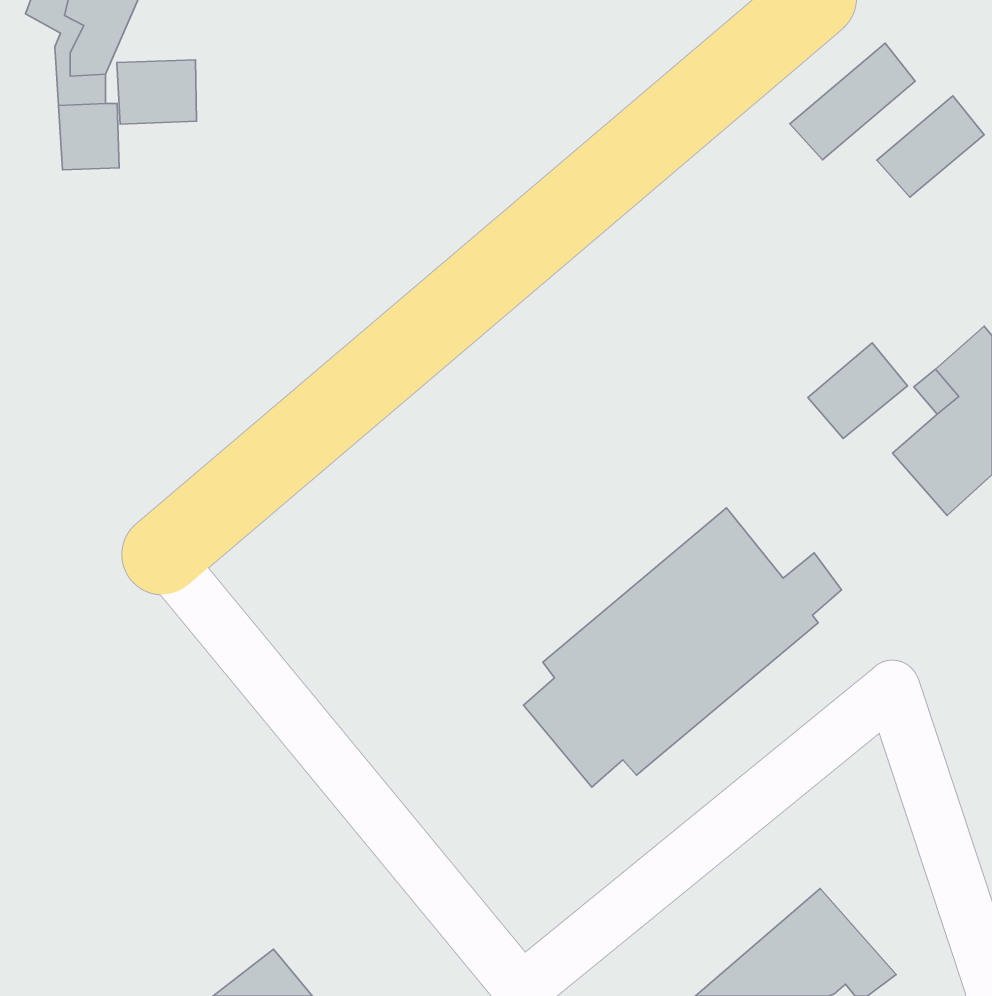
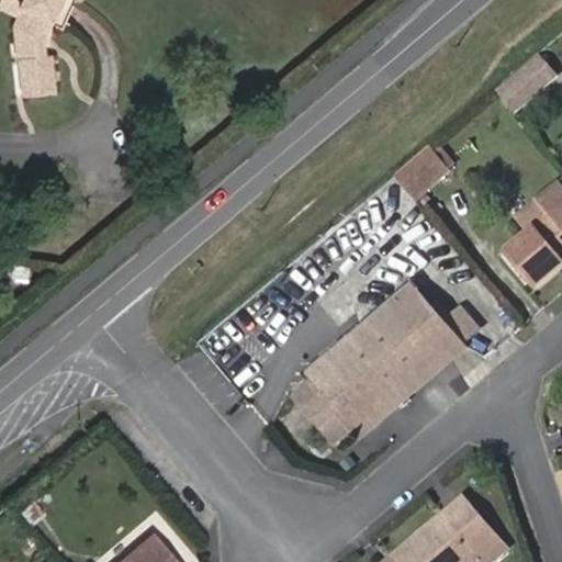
building: [790,43,915,160] -> none
building: [117,60,197,124] -> none
building: [808,343,907,439] -> [392,145,448,199]

